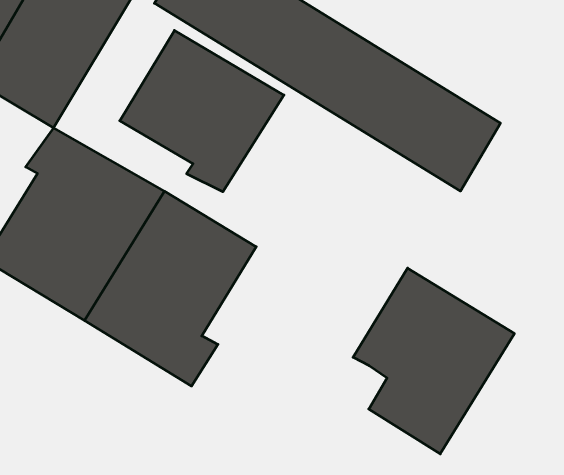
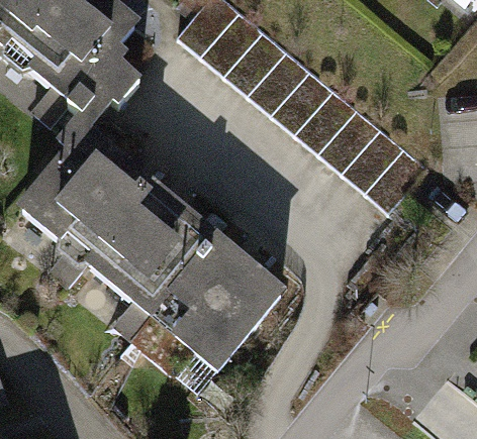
building: [120,30,284,192] -> none
building: [353,268,514,454] -> [168,227,291,369]

